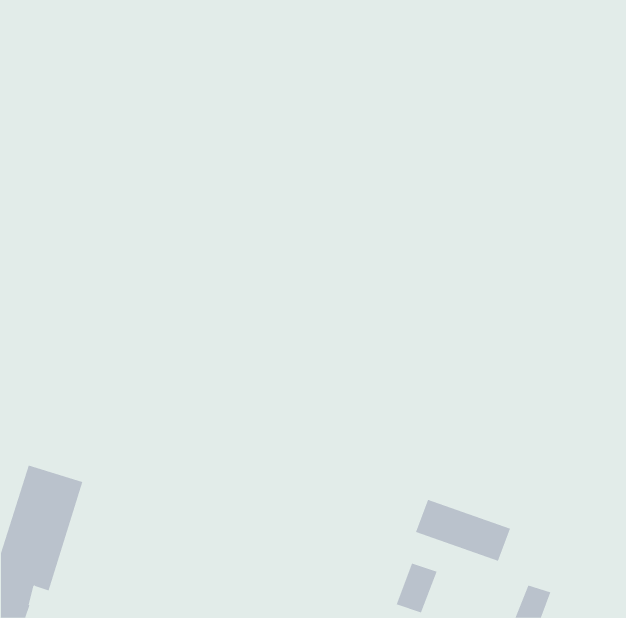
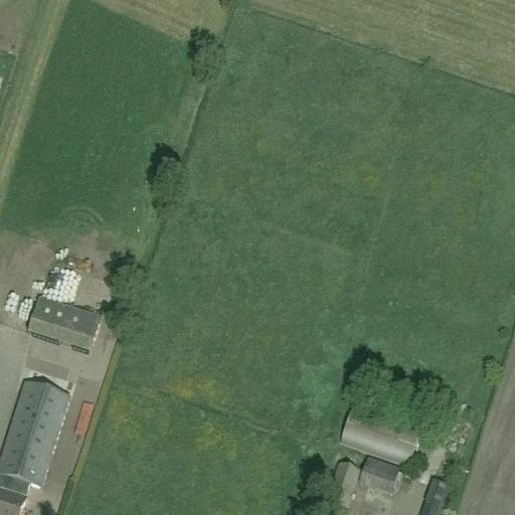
building: none -> [28,296,101,350]
building: none -> [360,458,398,491]

